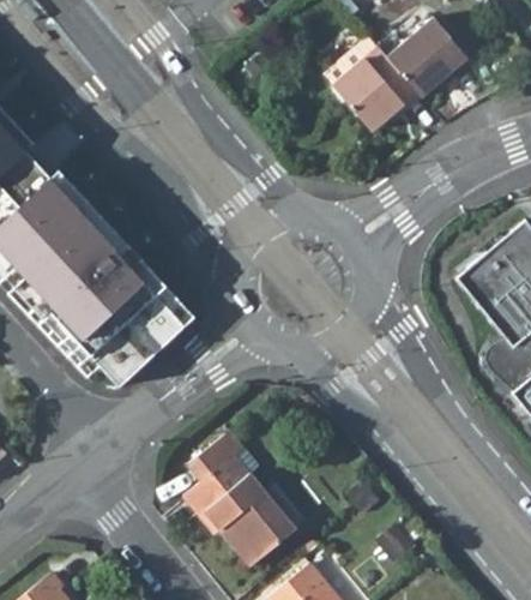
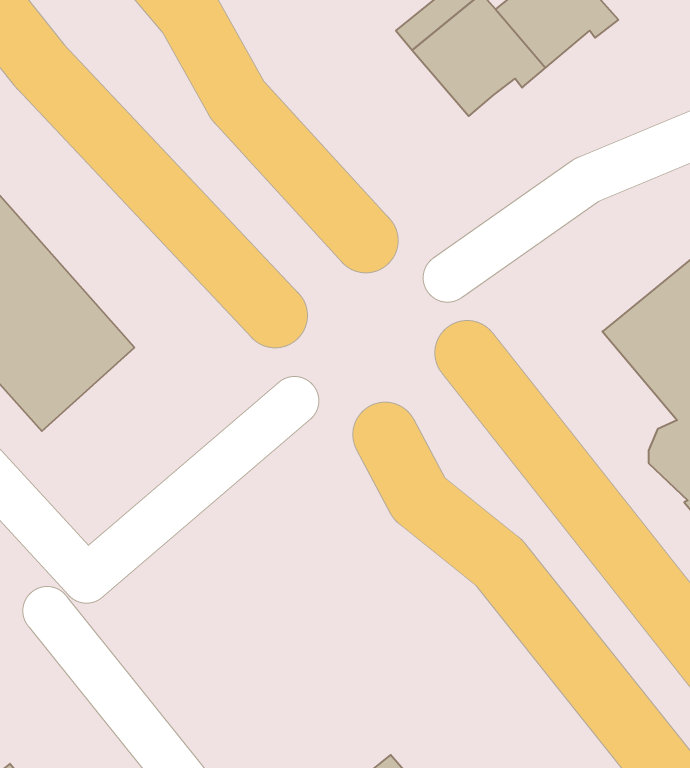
building: [90,296,186,388] -> none
building: [191,428,297,564] -> none

